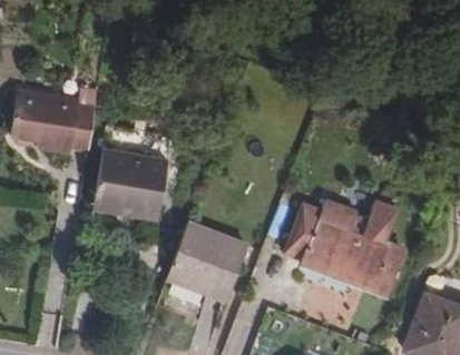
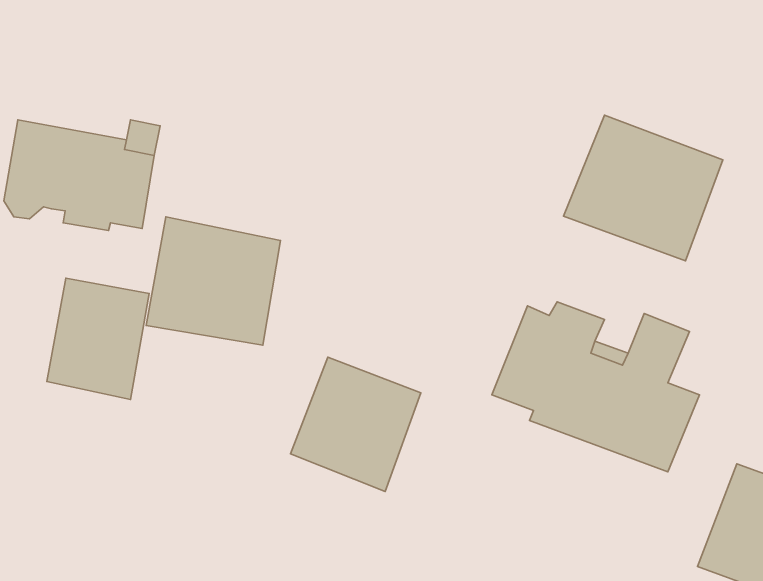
building: none -> [563,115,723,261]
building: none -> [47,278,149,399]

